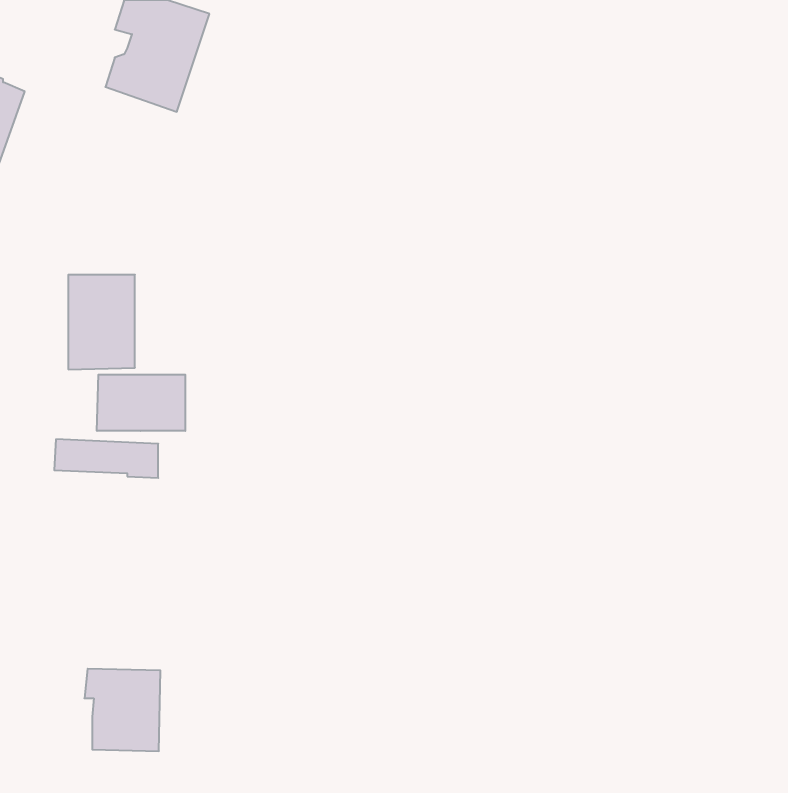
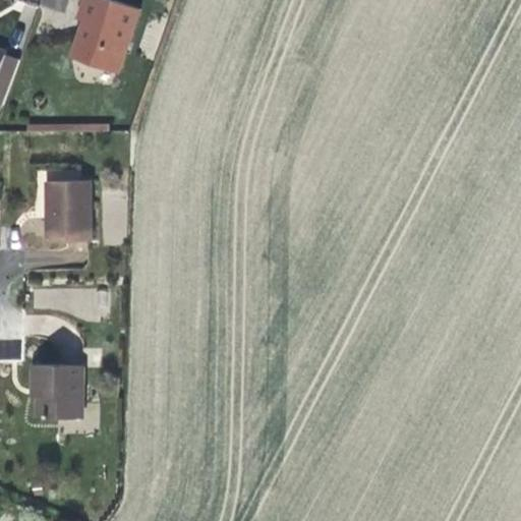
building: [97,375,185,431] -> none
building: [84,669,160,751] -> [31,365,80,419]

